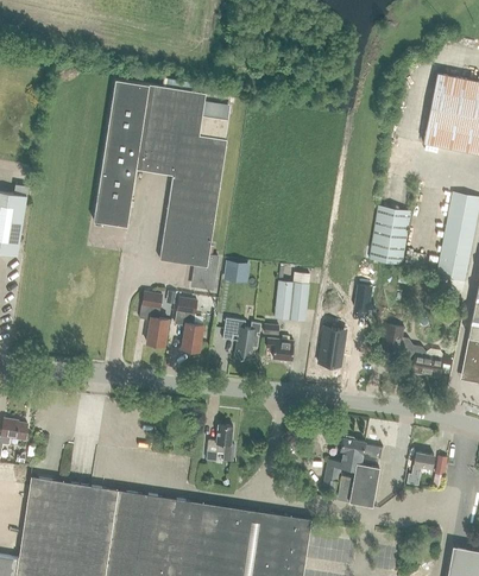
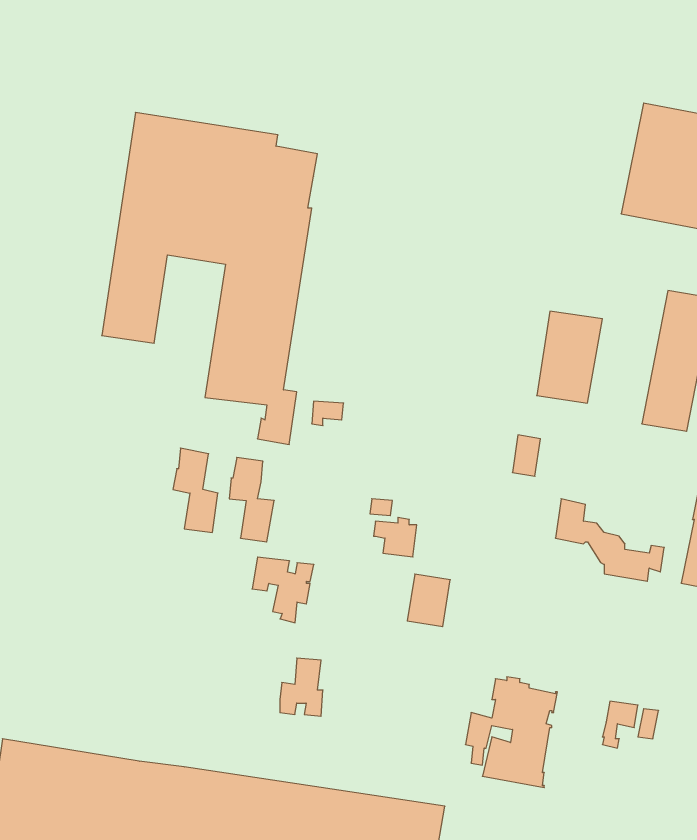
building: [275,280,309,322] -> none
building: [222,318,261,360] -> [252,557,314,623]
building: [317,334,345,367] -> [407,574,450,627]

